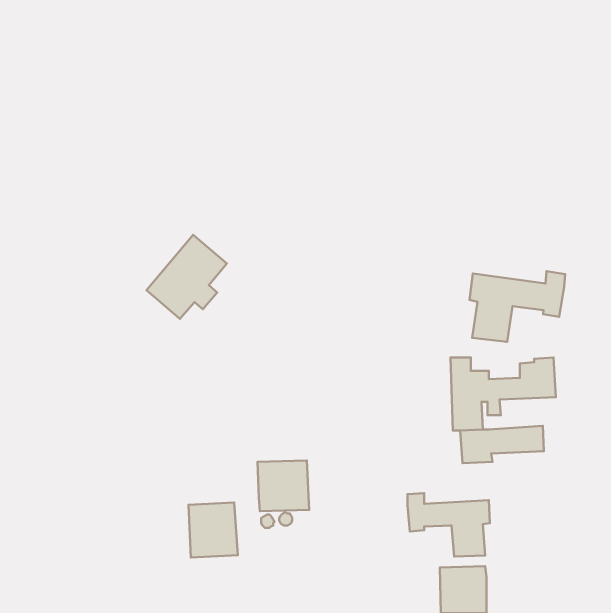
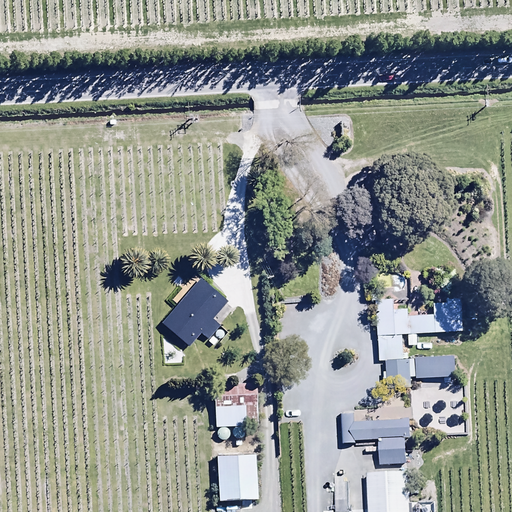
building: [146,235,227,319] -> [161,277,228,347]
building: [469,271,565,342] -> none
building: [189,502,238,558] -> [217,455,258,501]

